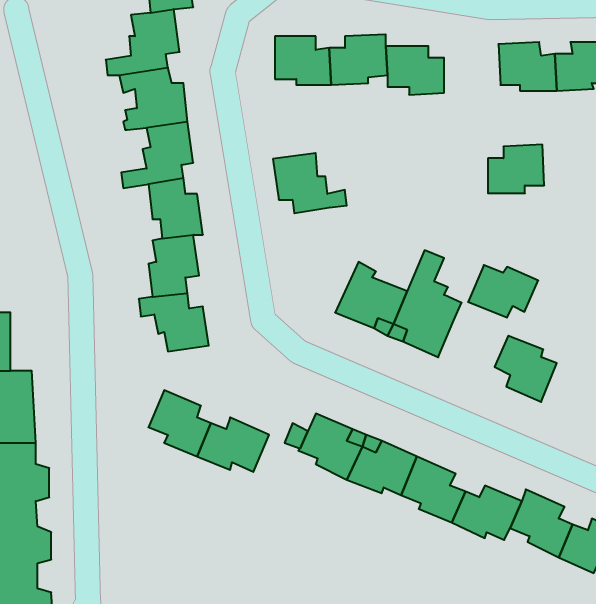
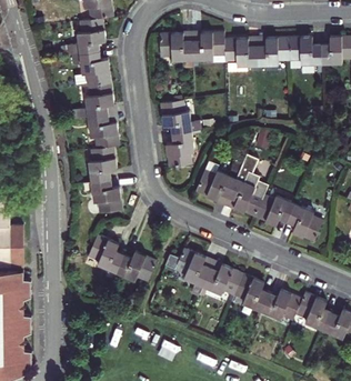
building: [488,145,544,193] -> [257,37,289,64]
building: none -> [164,130,194,167]
building: [468,265,538,318] -> [253,194,293,224]

